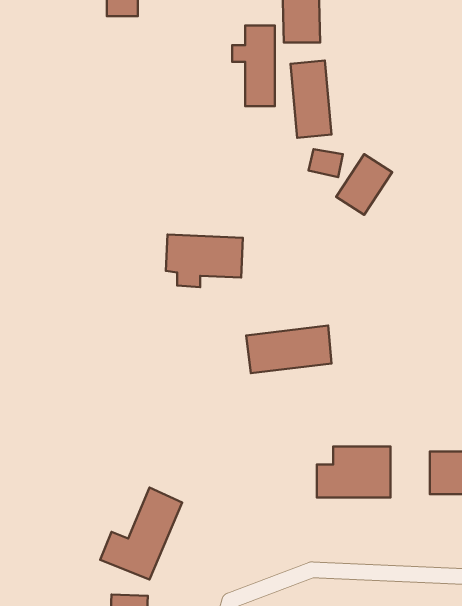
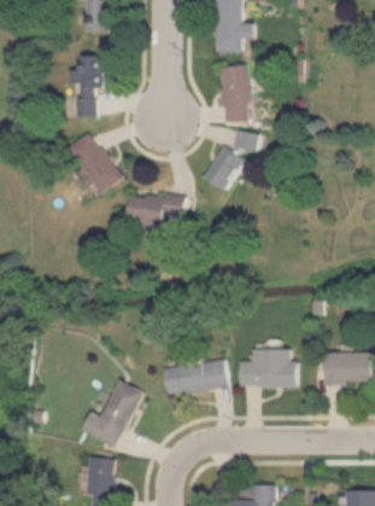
building: [232,26,275,106] -> [70,56,101,115]
building: none -> [70,132,123,193]
building: [336,154,392,215] -> [204,146,245,191]
building: [246,326,331,373] -> [164,360,227,395]

